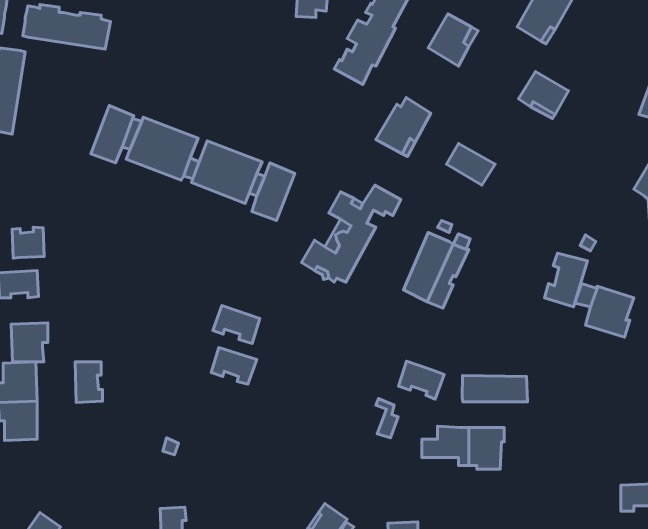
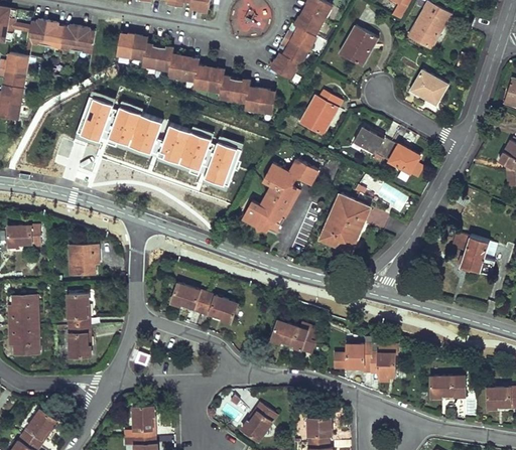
building: none -> [117,35,275,115]
building: none -> [381,142,419,174]
building: [12,227,44,258] -> none
building: [544,253,587,307] -> none
building: [213,306,260,343] -> [201,292,237,321]
building: [11,323,48,362] -> [70,245,98,275]
building: [398,361,444,399] -> [272,320,307,349]
building: [462,376,527,402] -> none
building: none -> [69,324,91,356]
building: none -> [431,376,463,397]

